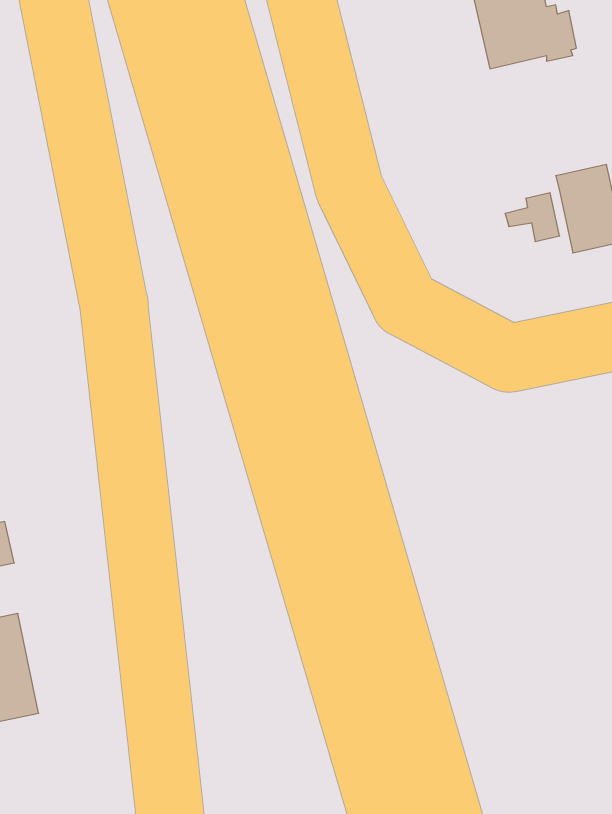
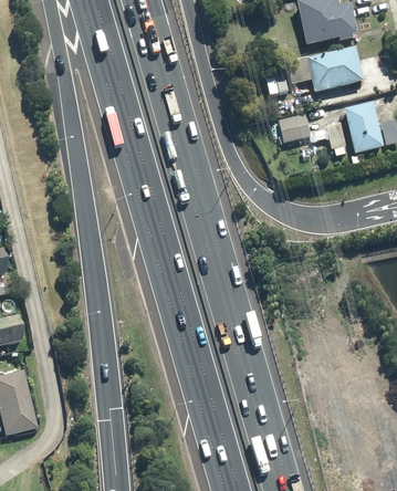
building: none -> [285,48,363,92]
building: none -> [279,113,310,142]

